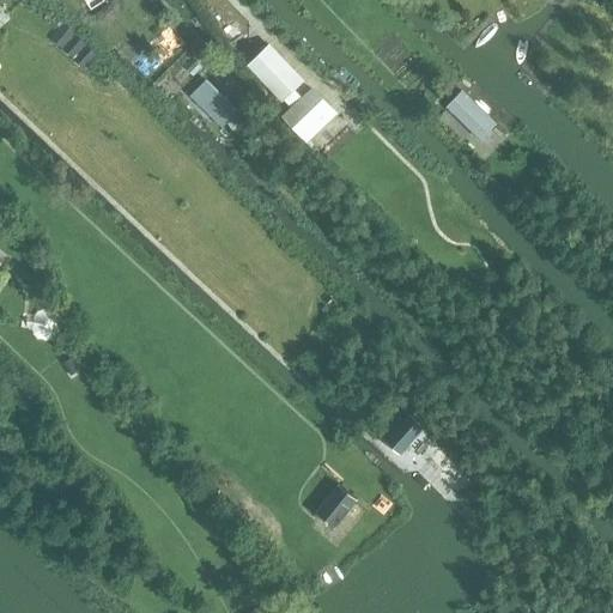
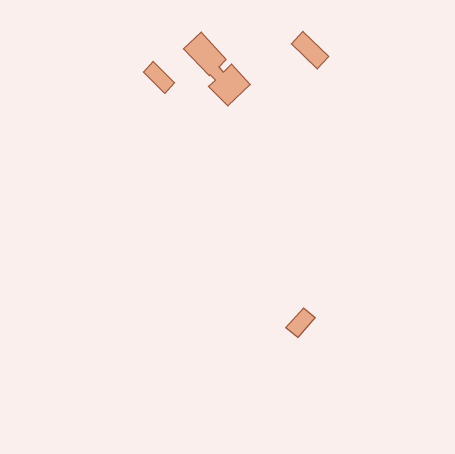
building: [445,91,496,141] -> [291,31,329,69]
building: [315,485,358,529] -> none

